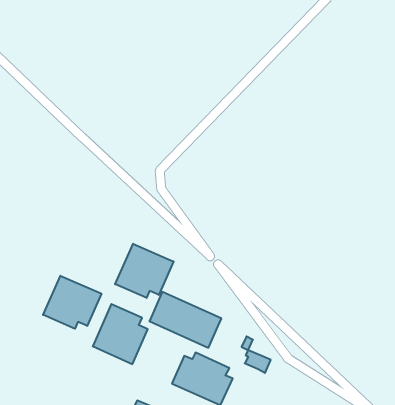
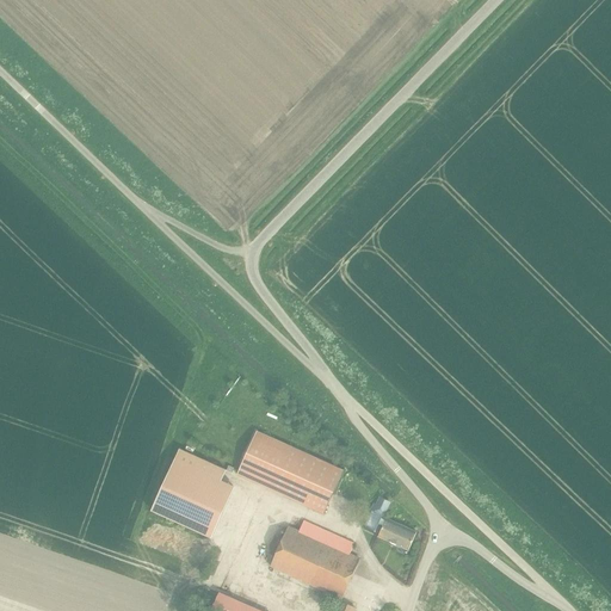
building: [115,244,174,298] -> none
building: [43,276,101,329] -> none

